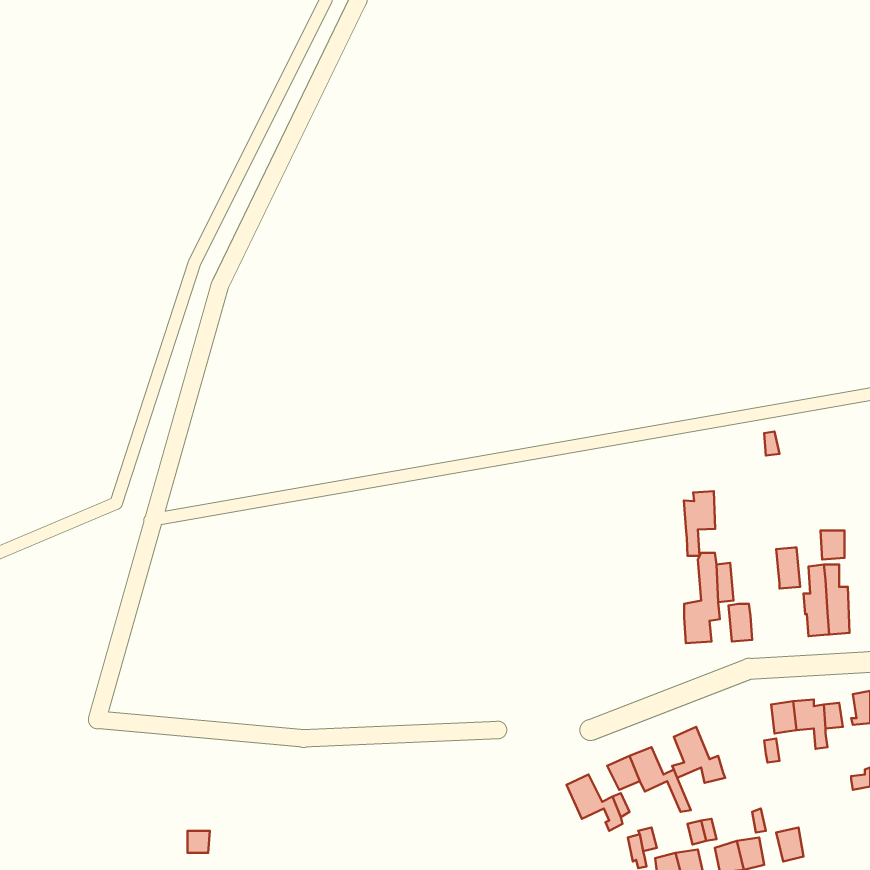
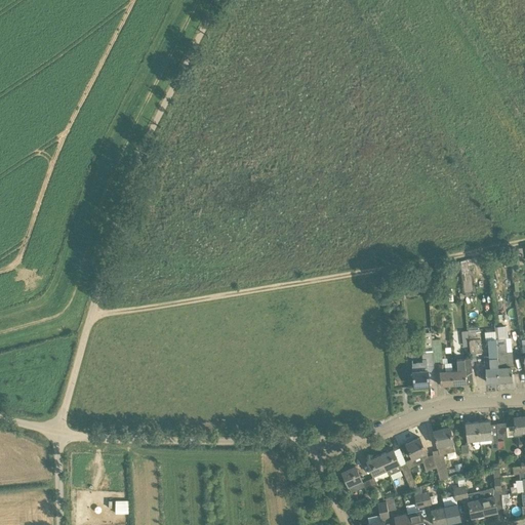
building: [684,491,715,556] -> none
building: none -> [451,359,471,386]
building: none -> [432,428,455,480]
building: none -> [480,470,500,516]

